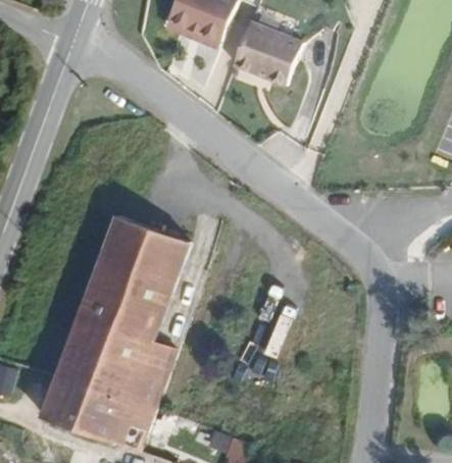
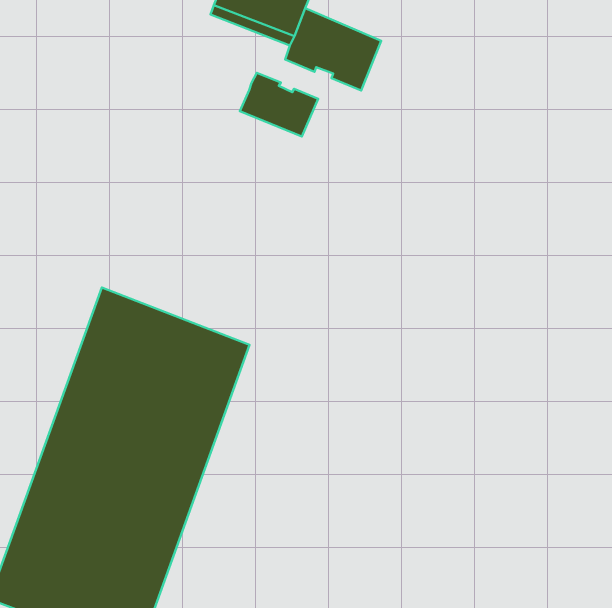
building: none -> [240,73,318,136]

